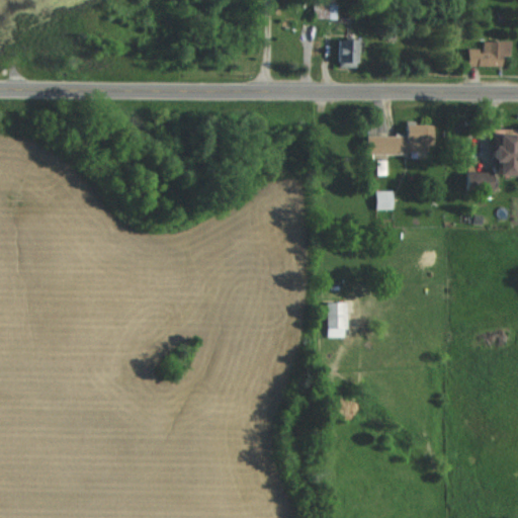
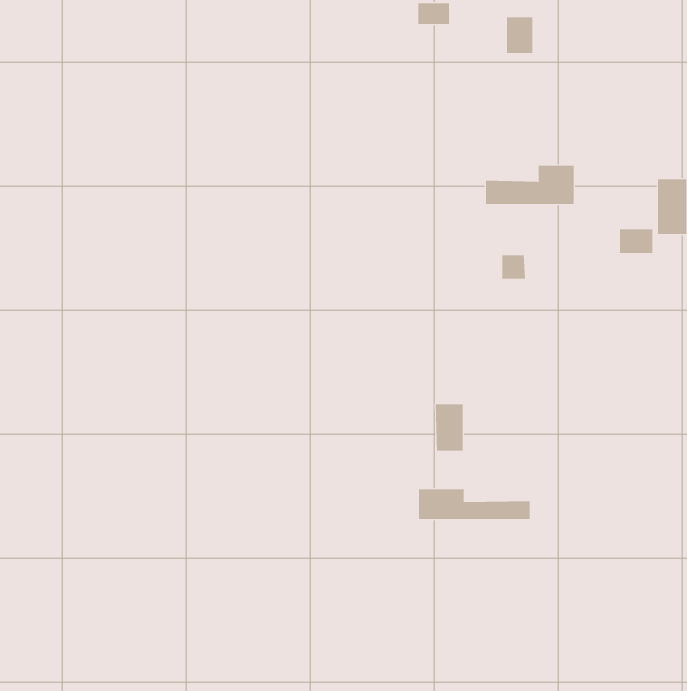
building: [339,39,359,67] -> [506,17,533,53]
building: [469,39,512,66] -> none
building: none -> [419,489,530,520]

